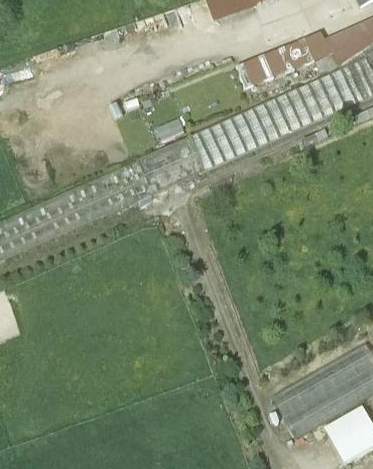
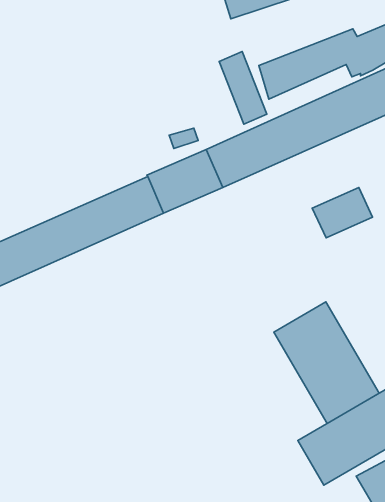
building: none -> [219,52,267,124]
building: none -> [312,187,373,238]
building: none -> [274,302,379,424]

